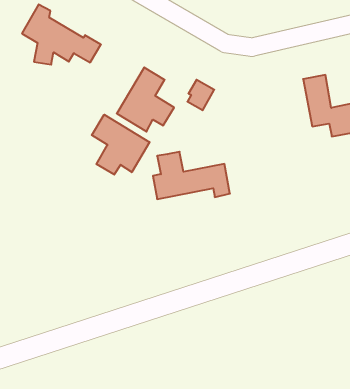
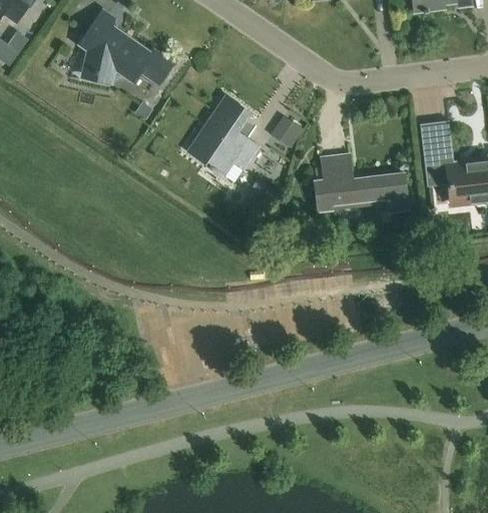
building: [92,115,150,175] -> none
building: [153,152,230,199] -> [314,154,407,213]

